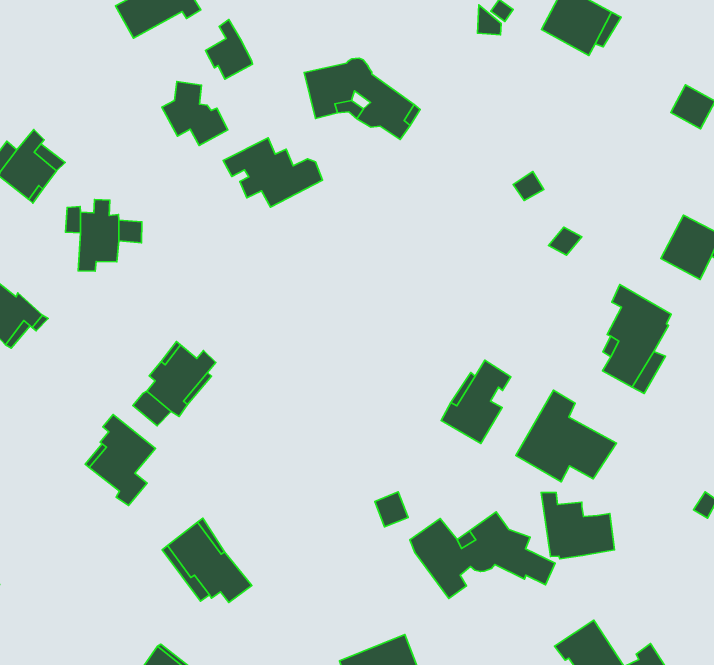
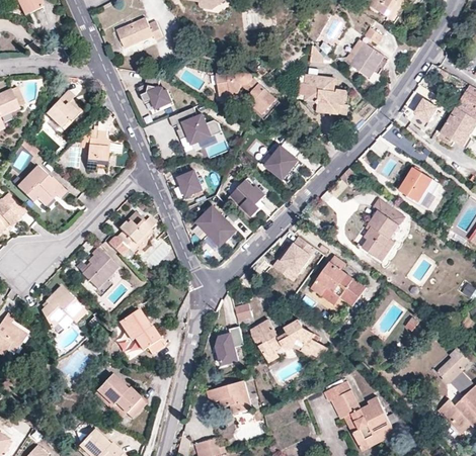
building: [206,19,252,79] -> none
building: none -> [304,73,348,114]
building: none -> [263,146,296,179]
building: none -> [177,169,204,197]
building: none -> [228,178,263,216]
building: none -> [193,204,234,245]
building: [541,493,615,559] -> none
building: none -> [41,287,86,330]
building: none -> [217,326,244,365]

